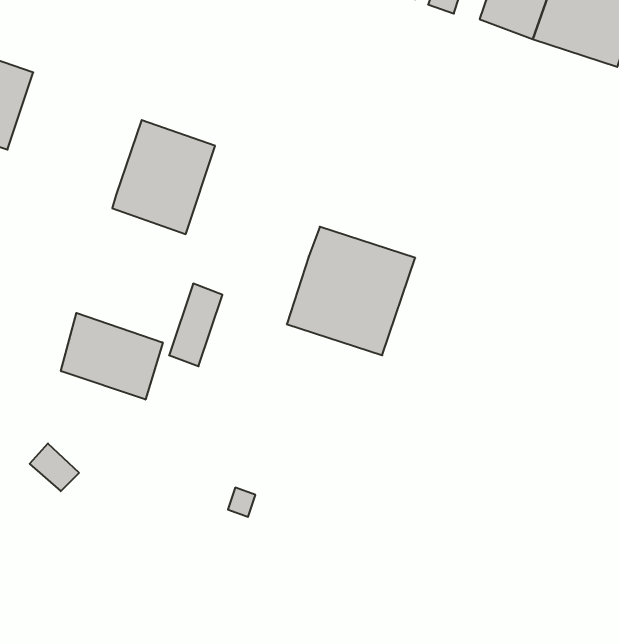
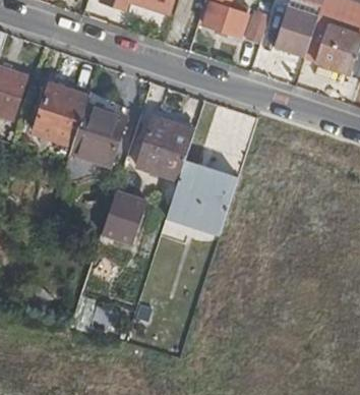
building: none -> [35,83,91,145]
building: none -> [138,117,196,178]
building: [61,313,163,400] -> none

